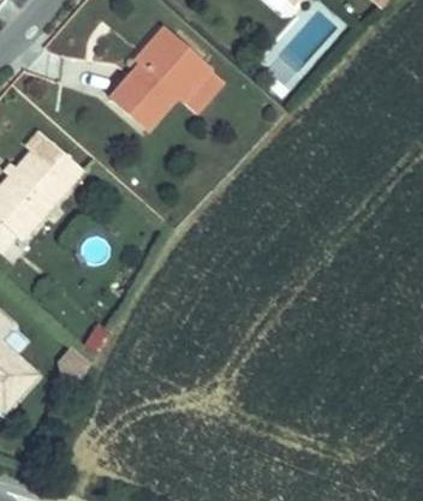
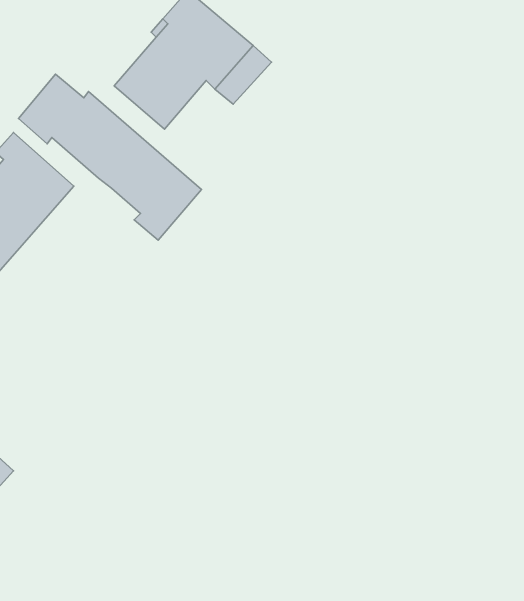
building: none -> [18,74,202,240]

